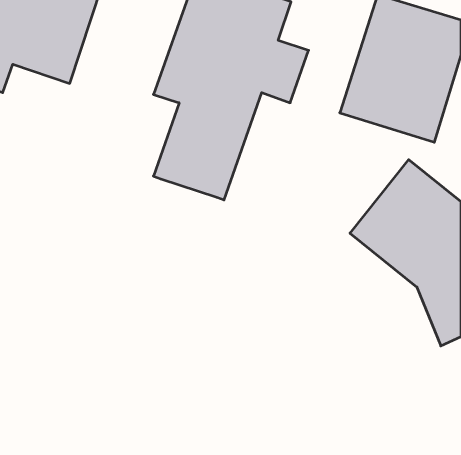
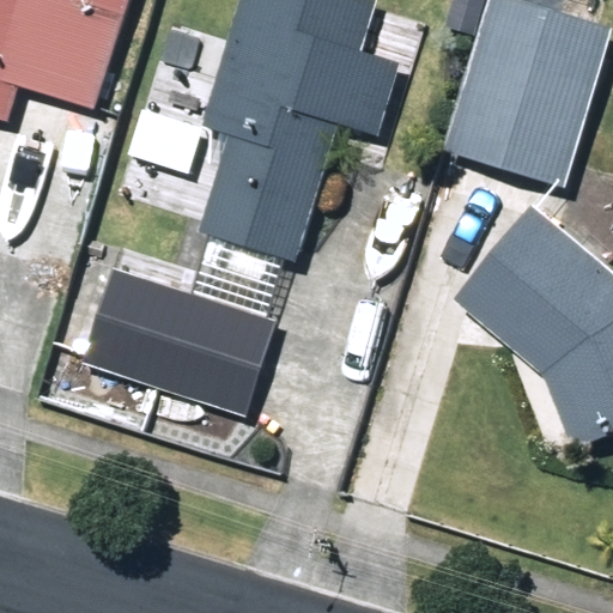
building: none -> [85,233,283,407]

